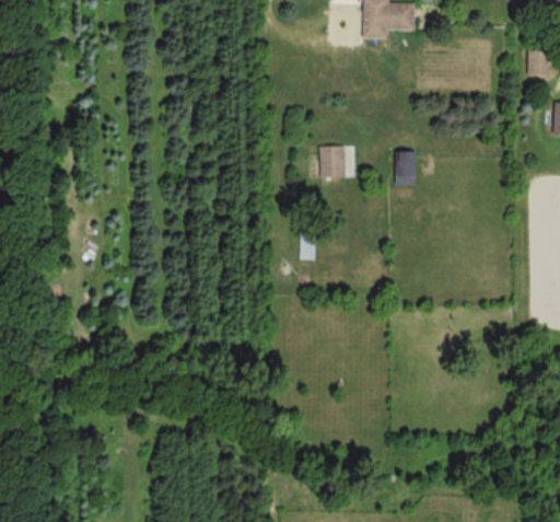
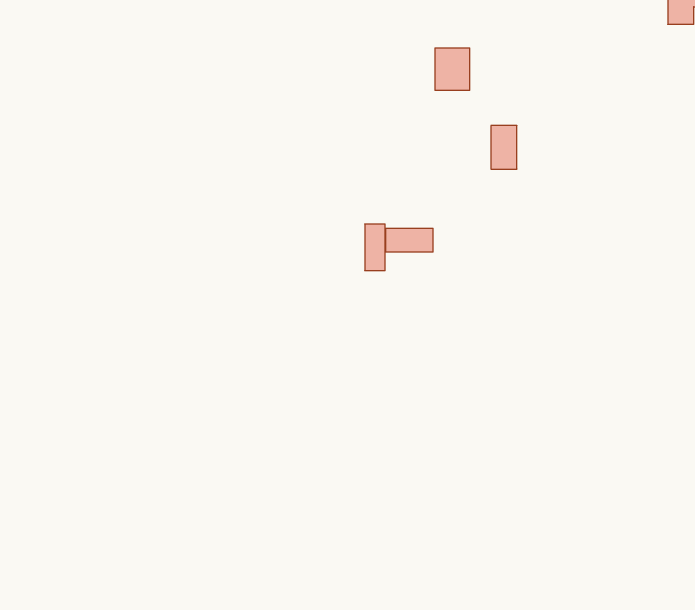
building: [319,147,346,178] -> [435,48,470,90]
building: none -> [386,228,433,252]

